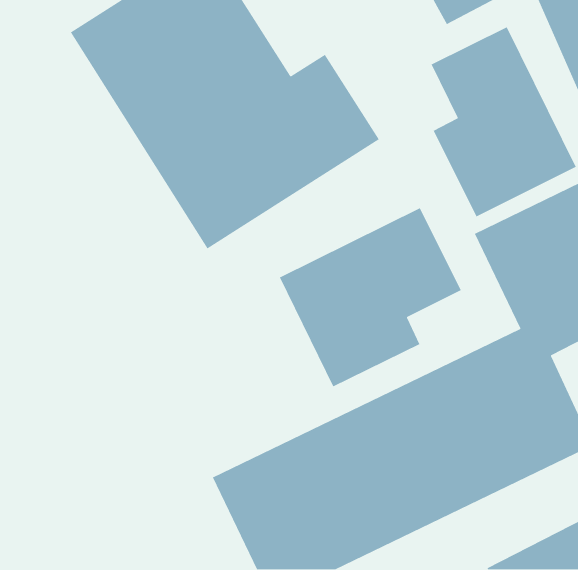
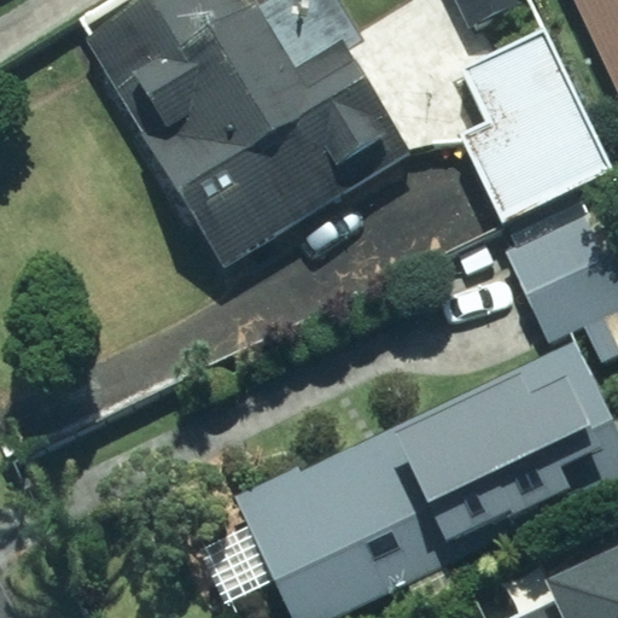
building: [279,207,462,387] -> none

